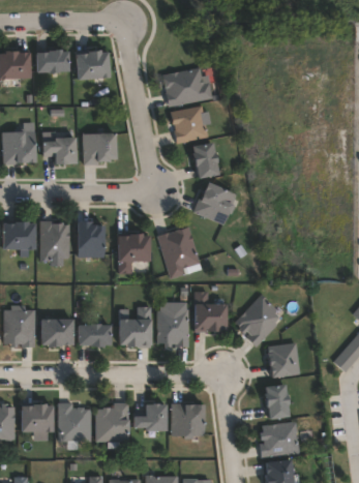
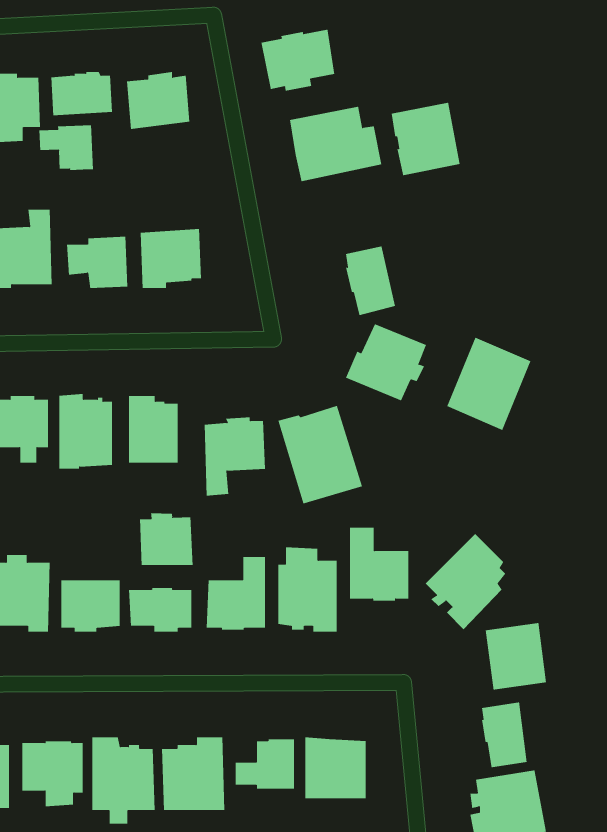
building: none -> [261,29,335,92]
building: none -> [39,124,93,171]
building: [171,104,208,144] -> [391,102,461,176]
building: none -> [446,337,531,431]
building: none -> [139,513,193,566]

